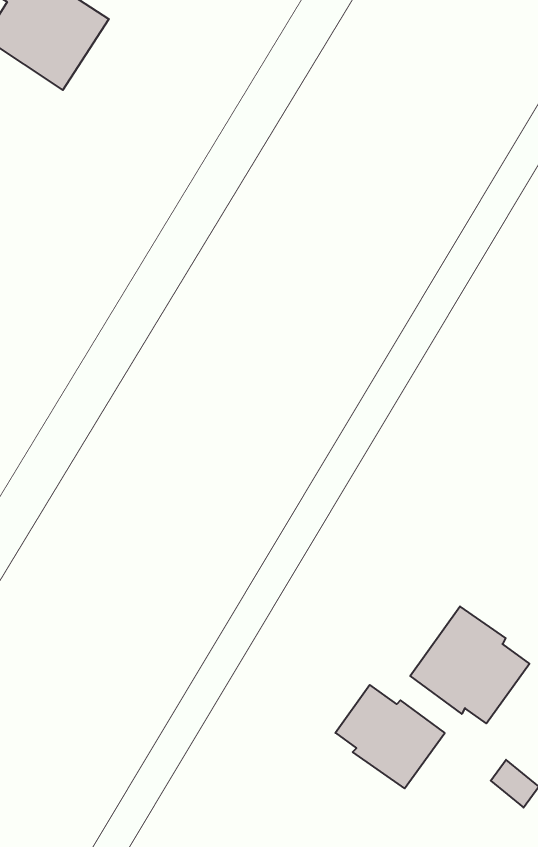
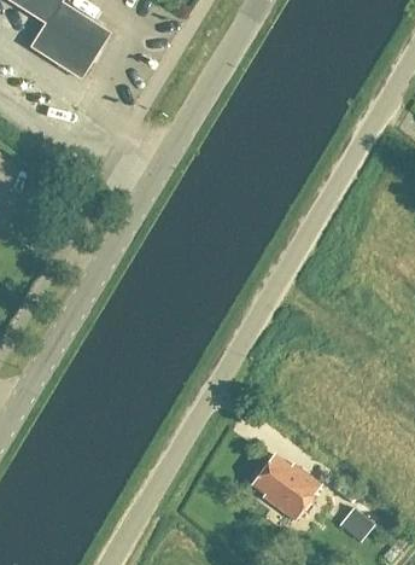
building: [410,606,529,723] -> none

